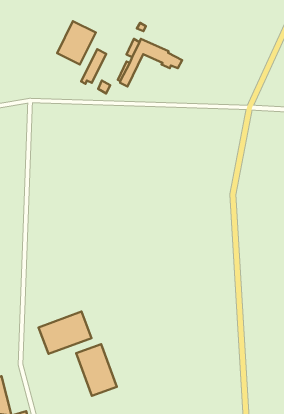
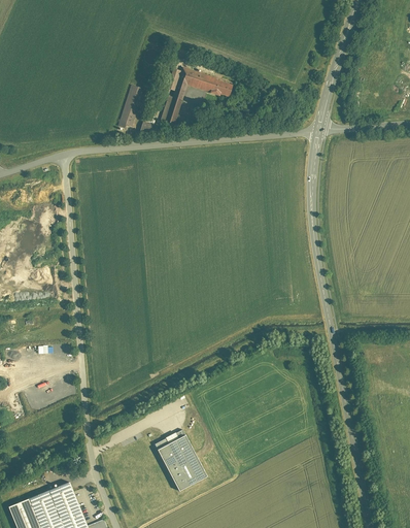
building: [57,21,96,64] -> none
building: [39,312,91,354] -> none

